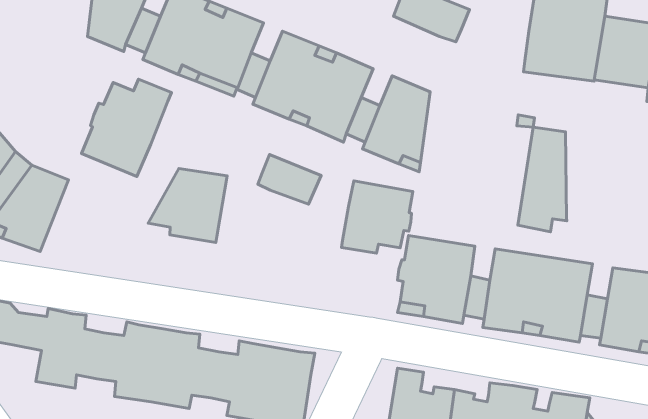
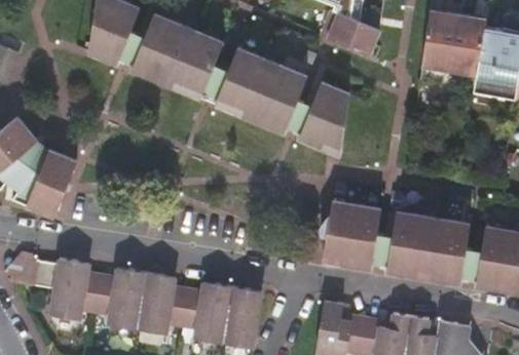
building: [82,79,172,176] -> none
building: [518,127,567,232] -> none
building: [258,154,321,204] -> none
building: [148,169,227,243] -> none
building: [341,181,413,253] -> none

